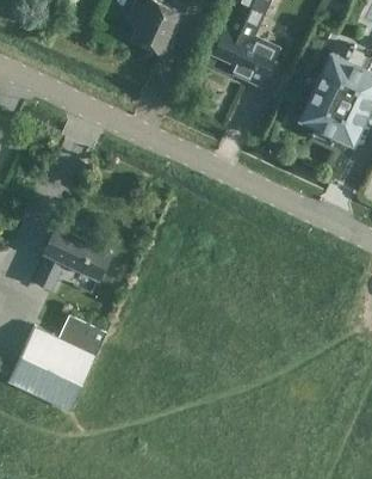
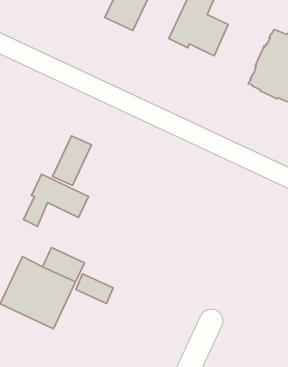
building: none -> [52,136,92,185]
building: none -> [76,274,113,303]

